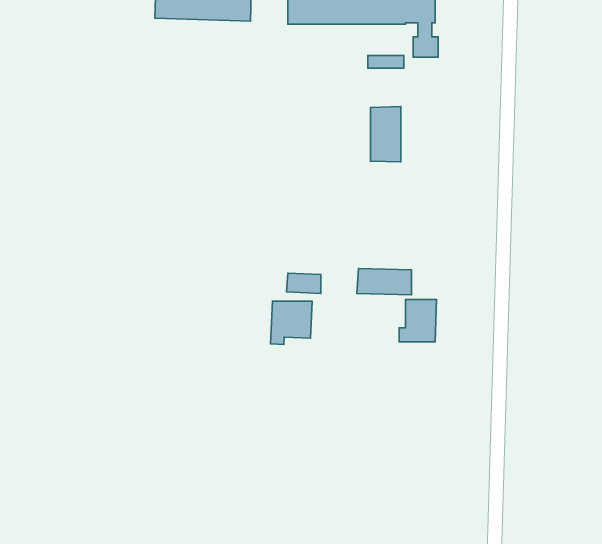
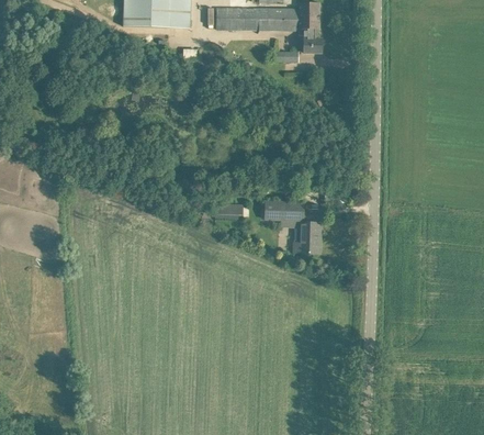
building: [370,106,401,162] -> none
building: [271,301,312,344] -> none

